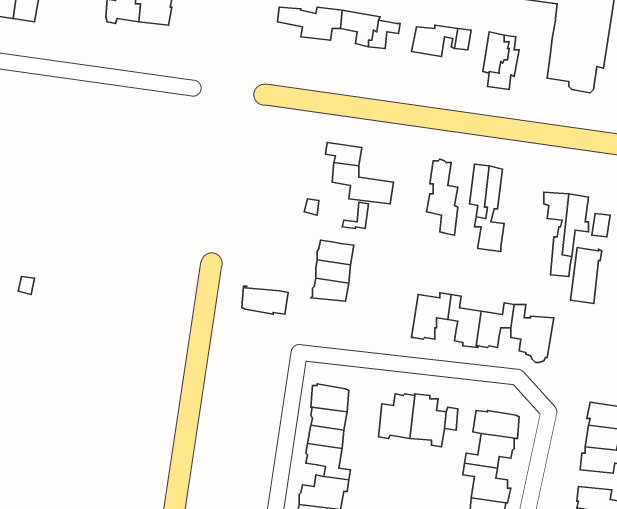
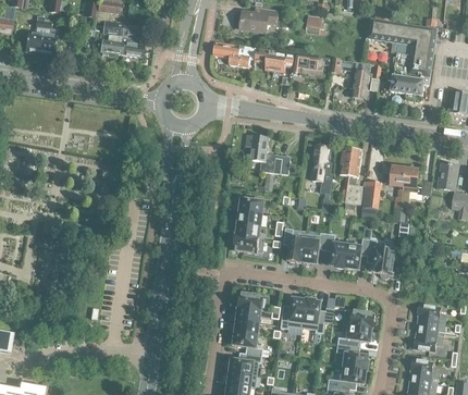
building: [571,247,602,304] -> [361,181,382,218]
building: [242,286,288,314] -> [233,235,263,254]
building: none -> [283,229,306,263]

